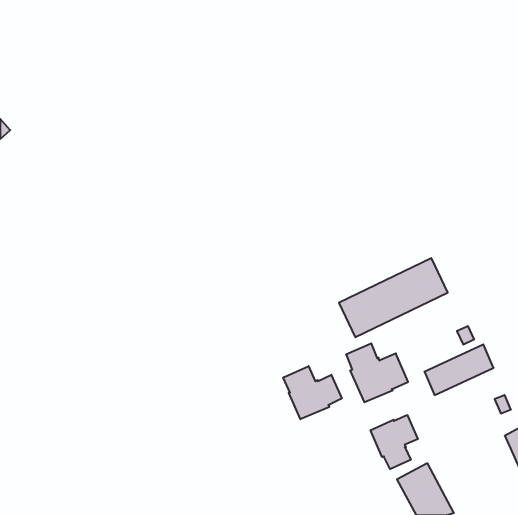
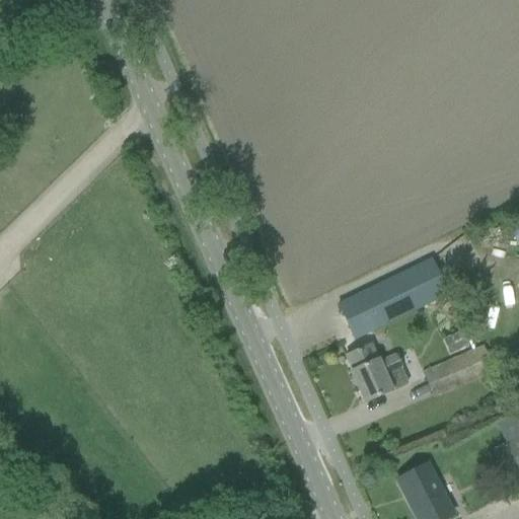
building: [283,366,342,419] -> none
building: [371,415,418,469] -> none

